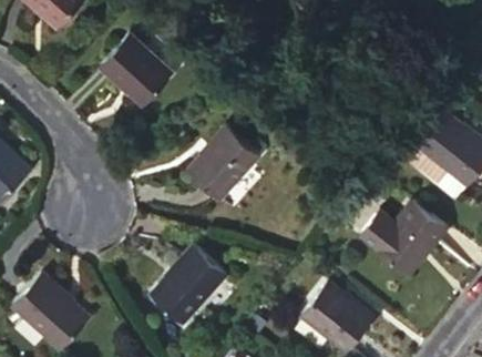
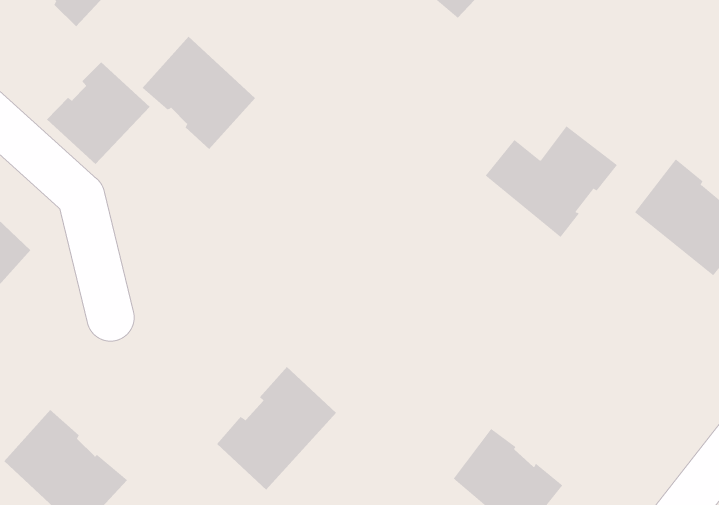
building: none -> [46,61,150,165]
building: [185,125,259,201] -> none
building: [359,202,444,274] -> [485,125,618,238]

